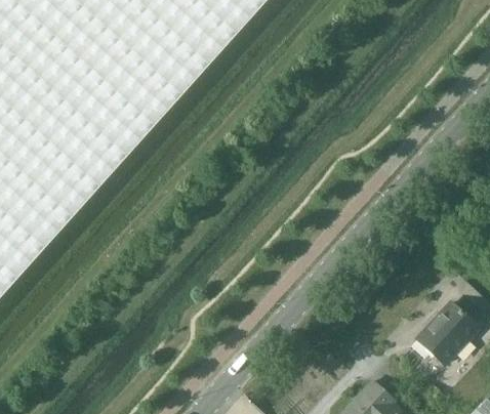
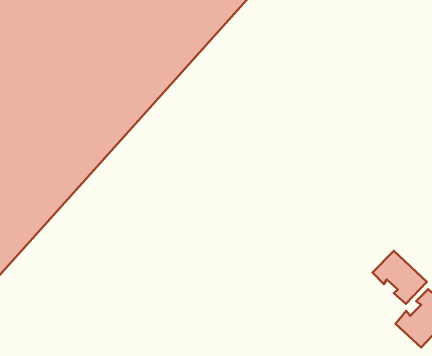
building: none -> [373,251,427,304]

